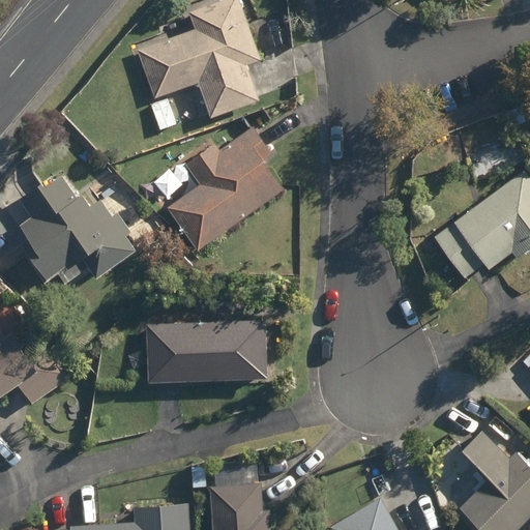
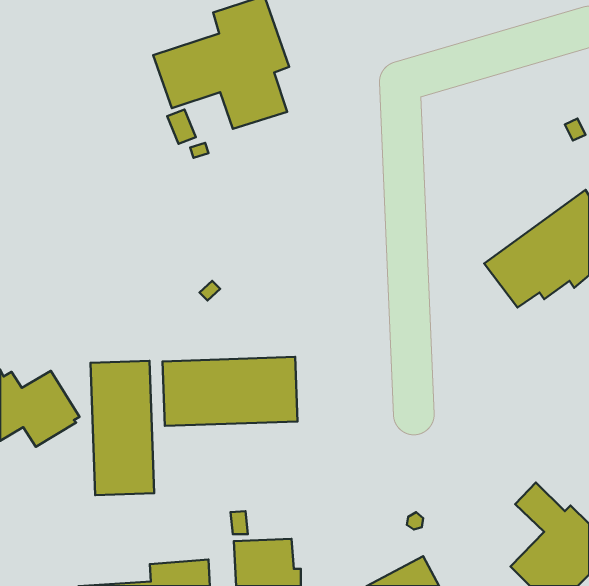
building: [166,127,284,253] -> none
building: [19,177,135,285] -> none
building: none -> [91,361,154,495]

